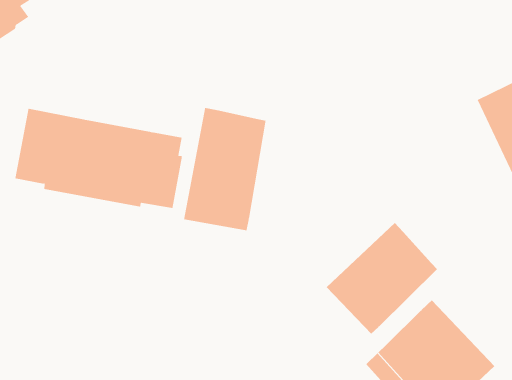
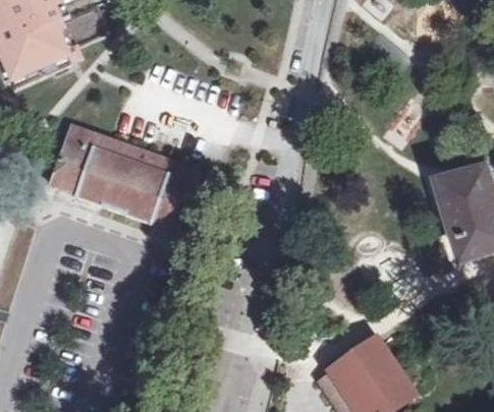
building: [184,107,266,231] -> none
building: [326,222,438,335] -> none

